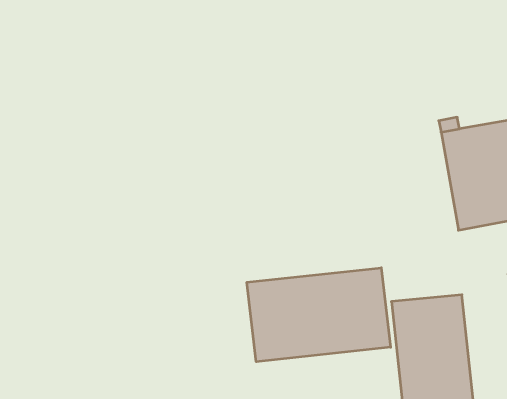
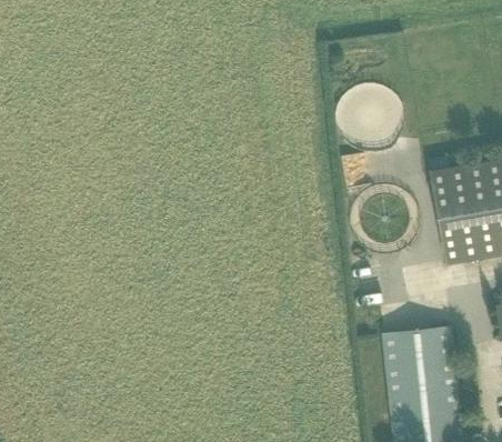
building: [247,268,391,362] -> none

